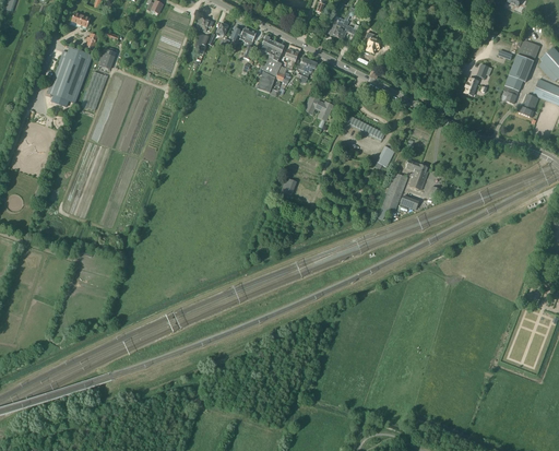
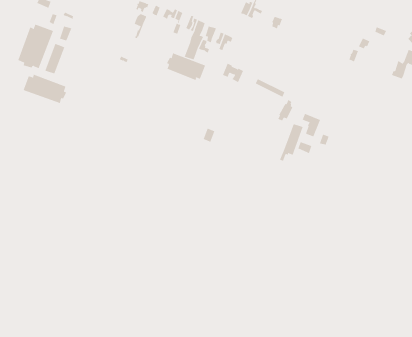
building: [503,39,539,103] -> none
building: none -> [166,53,206,81]
building: none -> [23,74,67,104]

